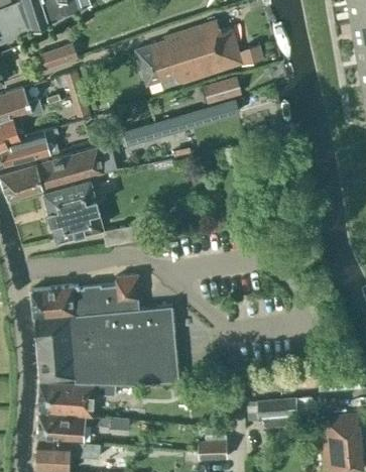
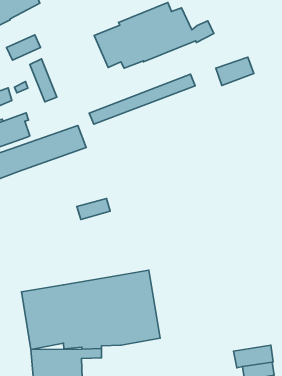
building: [201,78,241,106] -> [216,57,254,85]
building: [40,180,101,241] -> none
building: [31,275,140,319] -> none

